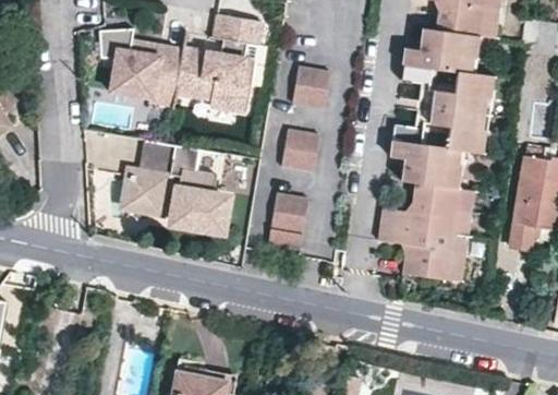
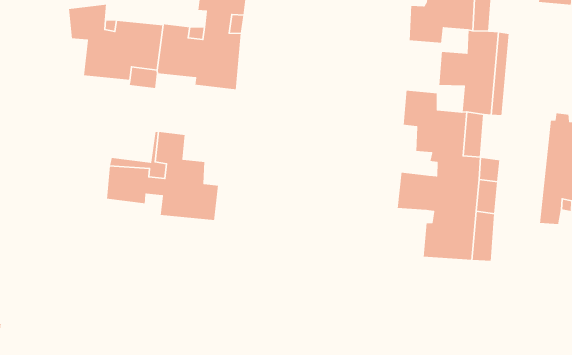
building: [292,64,328,106] -> none
building: [281,128,317,170] -> none
building: [129,139,169,172] -> none
building: [269,191,308,248] -> none

